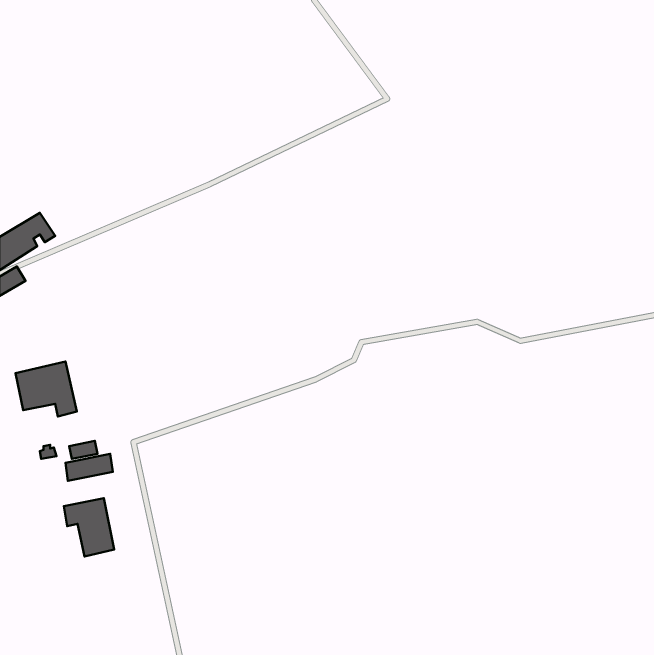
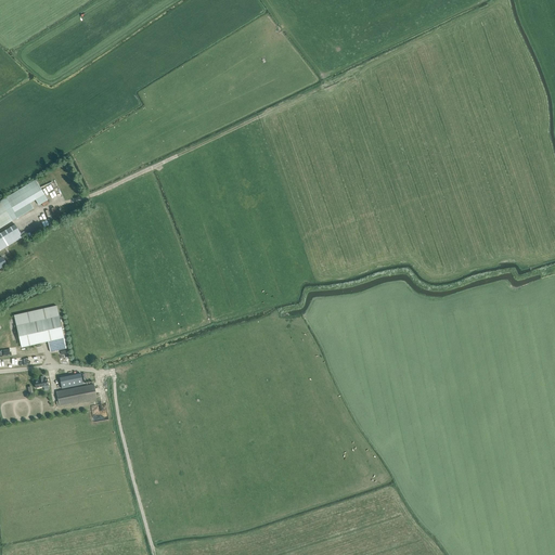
building: [64,498,114,556] -> none

